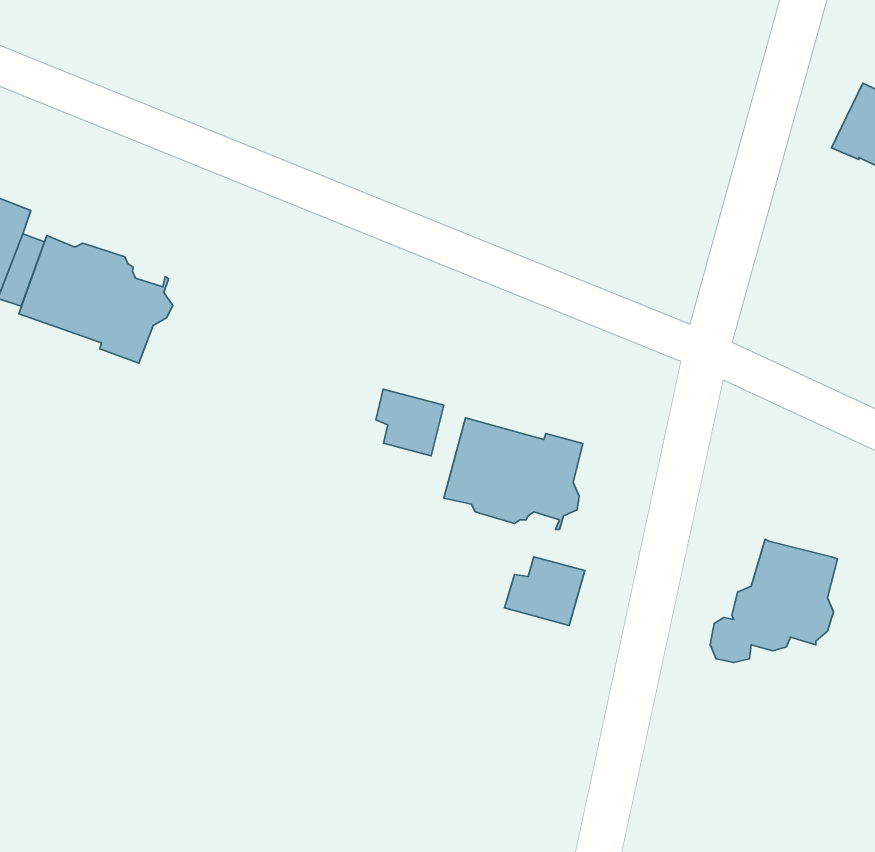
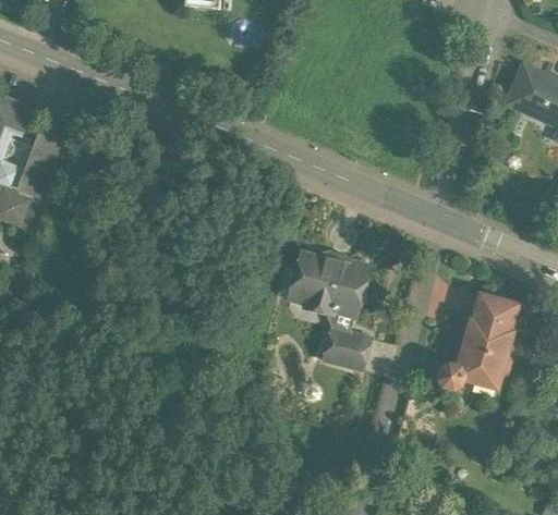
building: [19,236,173,363] -> none
building: [376,389,444,456] -> none
building: none -> [472,293,514,329]

